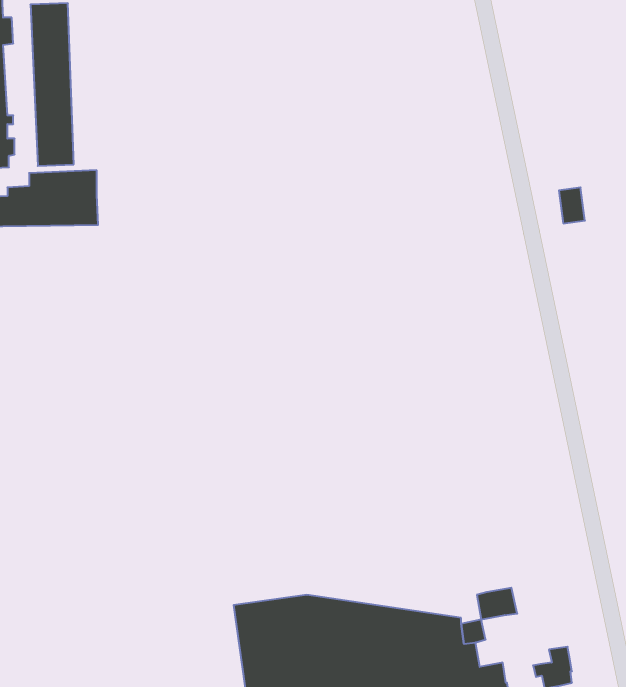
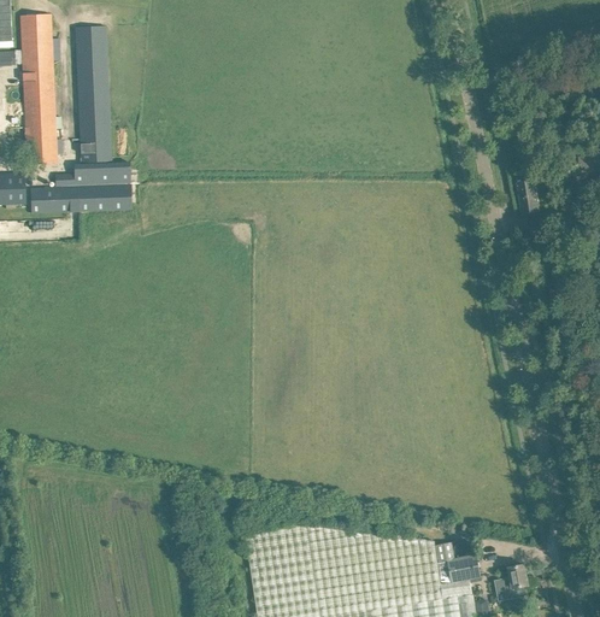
building: [477,588,517,619] -> [447,557,481,583]

